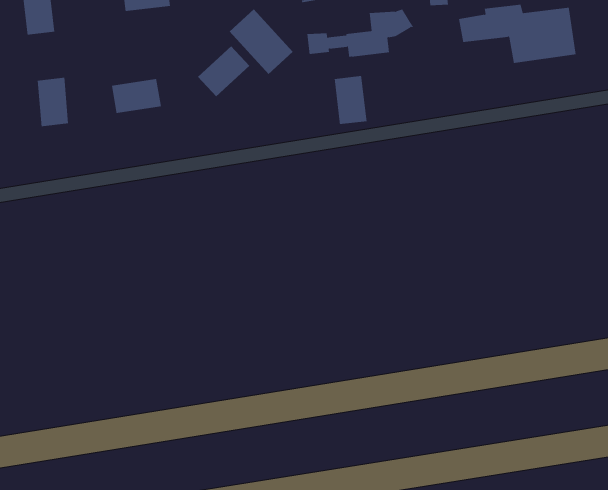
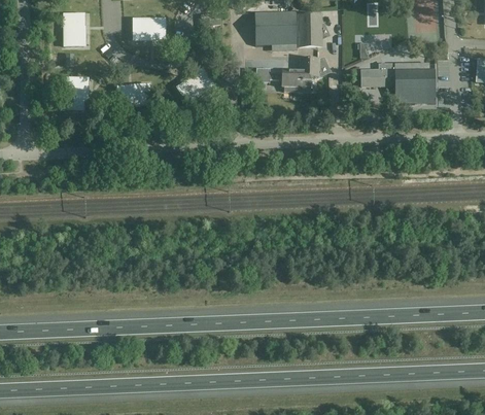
building: [229,9,293,75] -> none
building: [334,75,367,125] -> none

